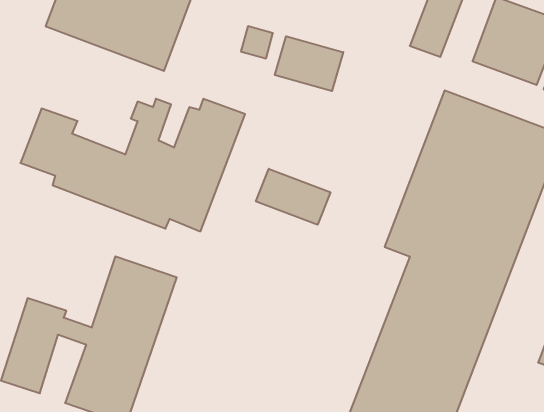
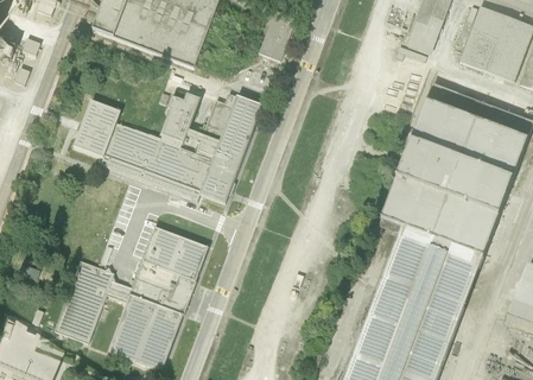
building: [275,36,343,91] -> none
building: [256,169,330,225] -> none

